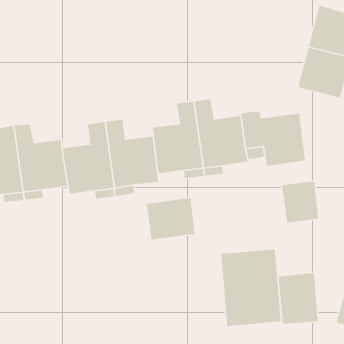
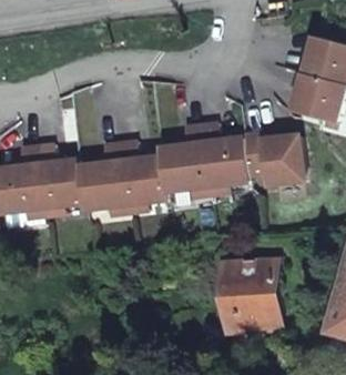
building: [281,181,319,223] -> none
building: [146,197,196,241] -> none
building: [278,272,318,324] -> none

